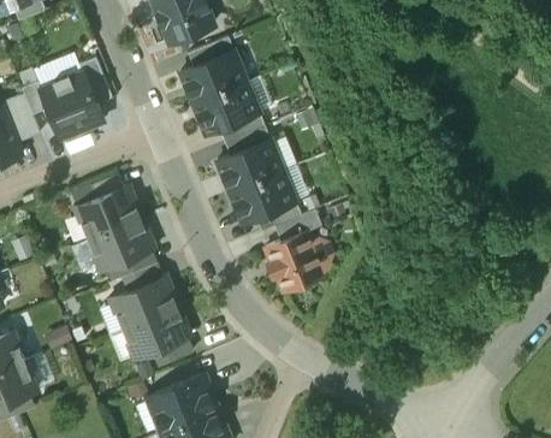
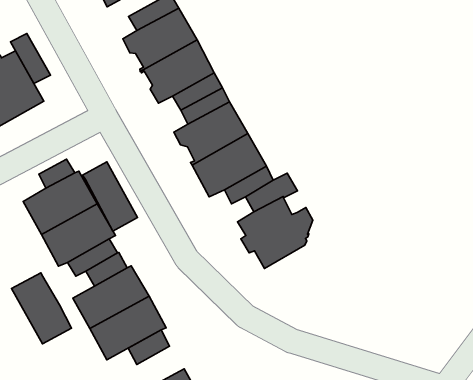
building: none -> [82,162,137,231]
building: none -> [12,273,72,344]

